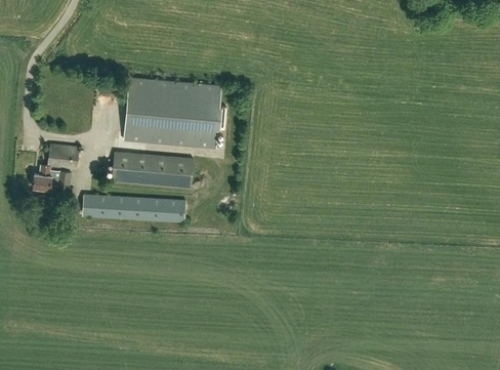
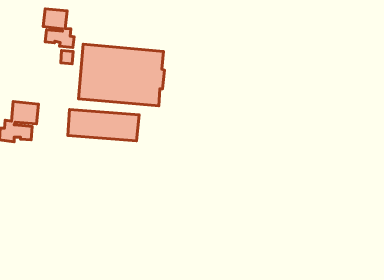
building: none -> [43,9,74,47]
building: [82,194,185,220] -> none

